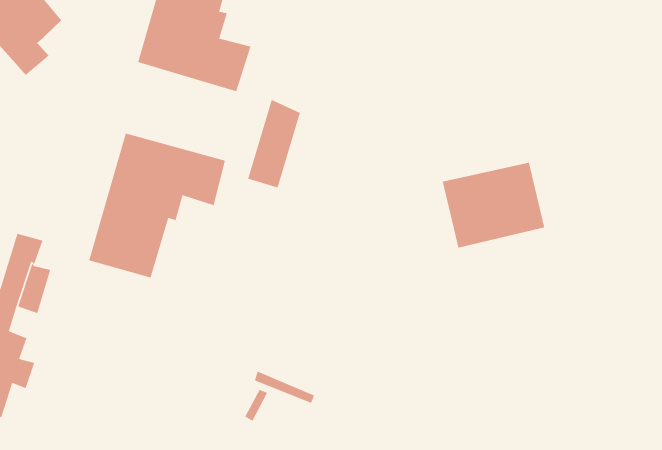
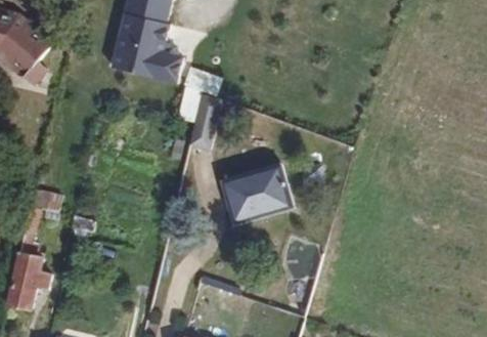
building: [88,132,226,278] -> none
building: [442,162,545,249] -> [220,163,292,224]

